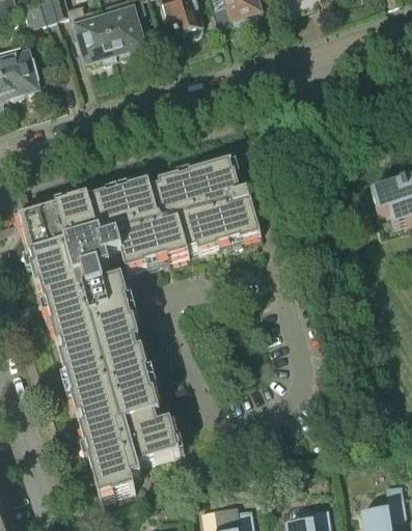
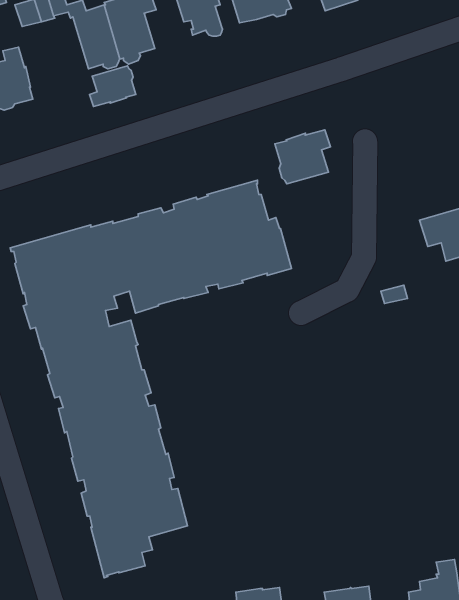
building: none -> [89,66,136,107]
building: none -> [275,130,331,184]

